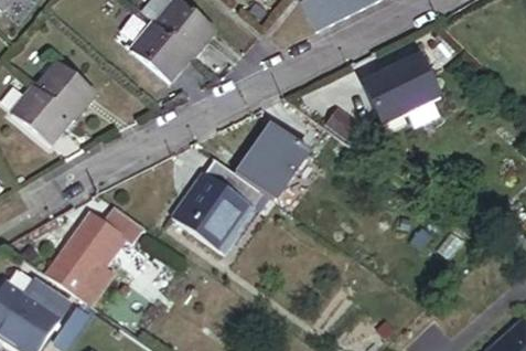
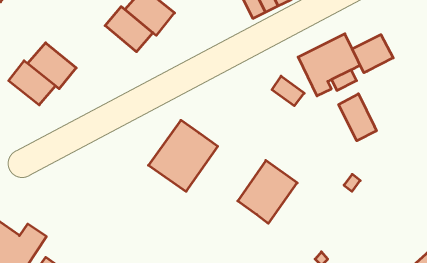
building: none -> [352,35,393,73]
building: [245,125,318,202] -> [238,160,297,223]
building: none -> [339,94,376,141]
building: [50,209,147,309] -> none

